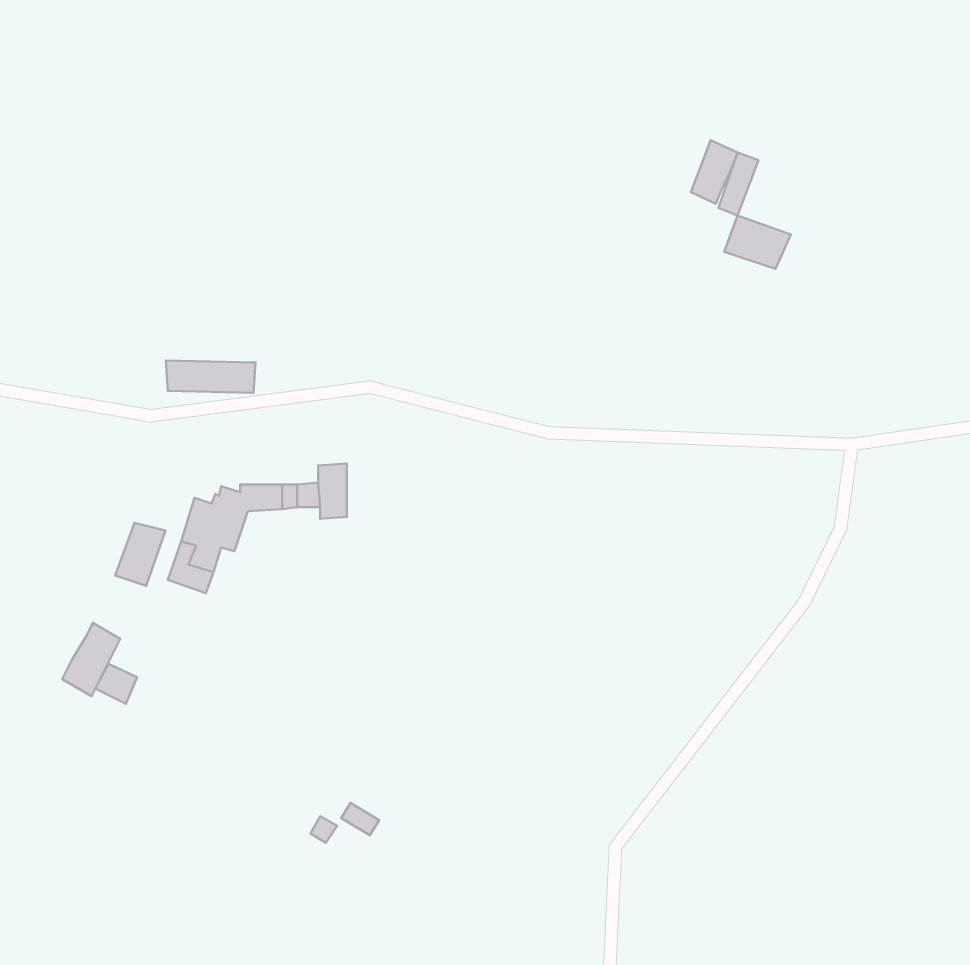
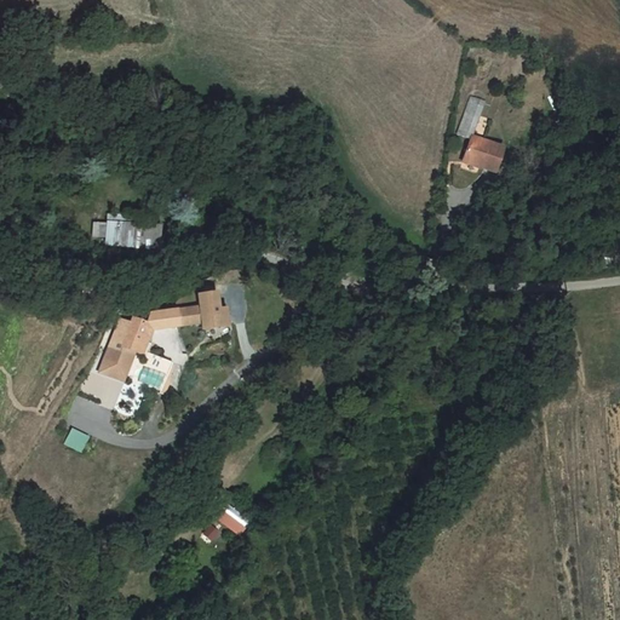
building: [691,140,738,204] -> none
building: [115,523,166,586] -> none
building: [62,623,120,696] -> none

